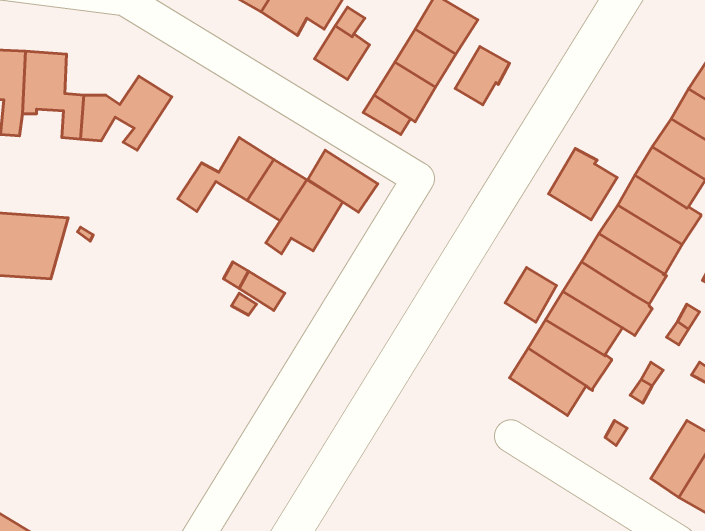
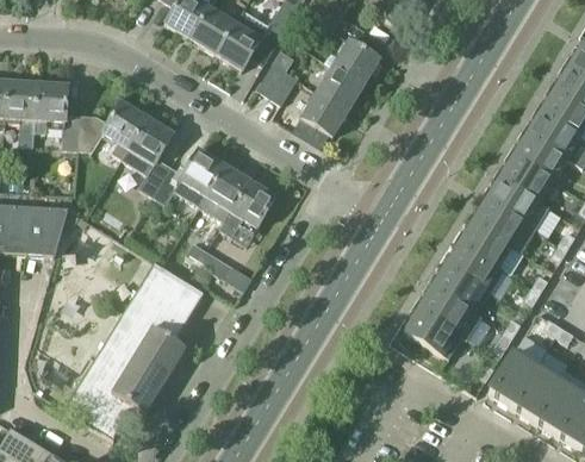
building: [455,46,510,105] -> none
building: none -> [120,117,173,194]
building: [549,149,617,220] -> none
building: [308,150,378,212] -> none
building: [505,267,557,322] -> none
building: none -> [63,261,204,439]
building: none -> [487,333,546,406]

